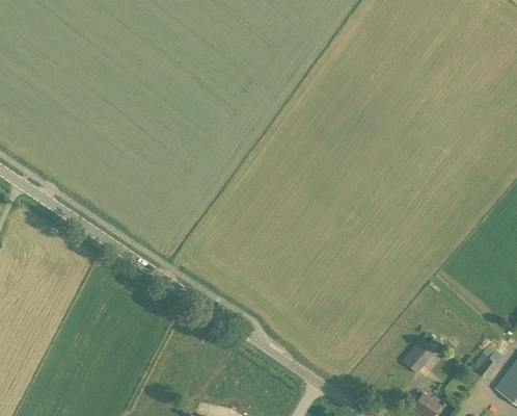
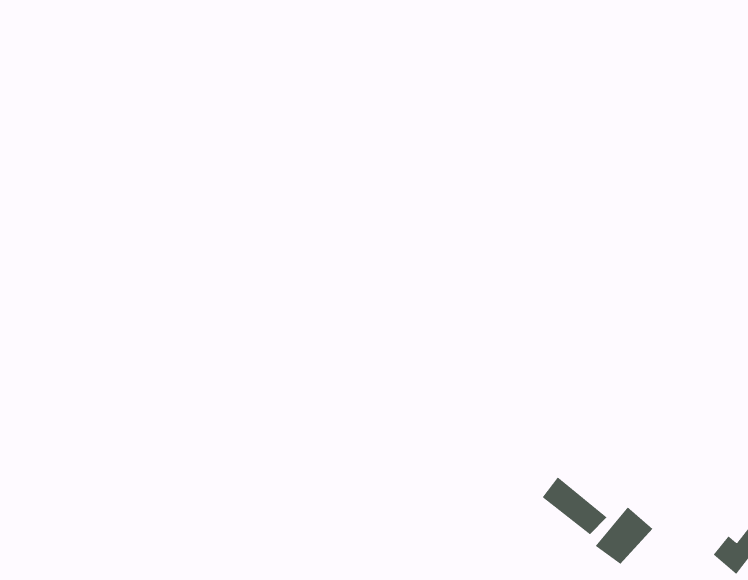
building: none -> [542,476,607,535]

